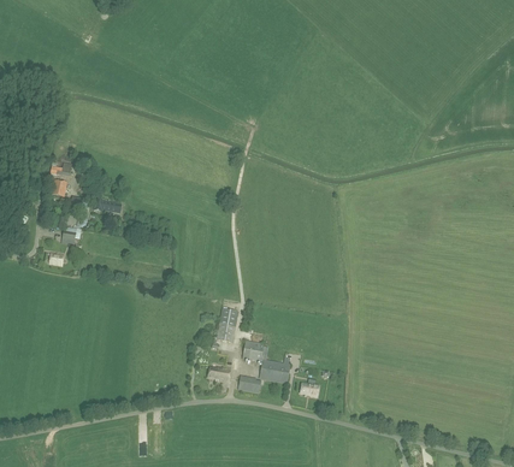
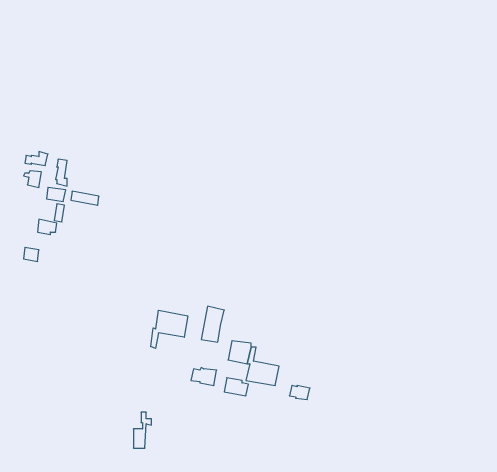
building: none -> [151,310,188,348]

